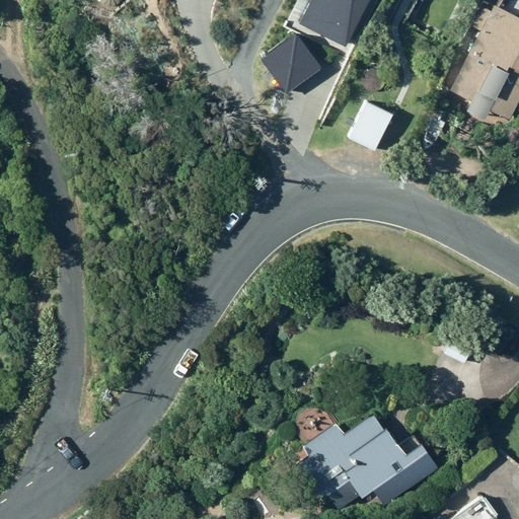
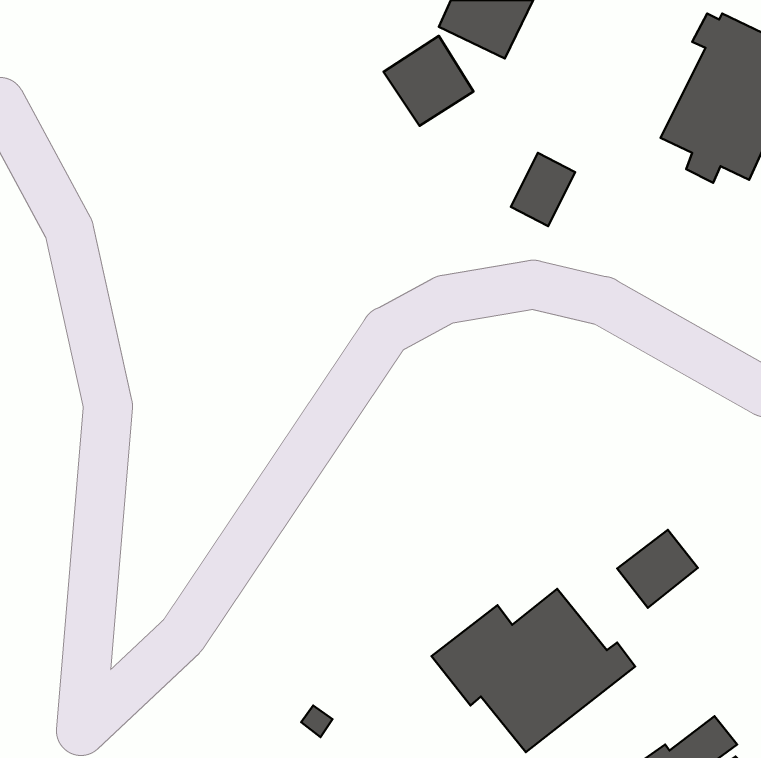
building: none -> [617,530,698,608]

